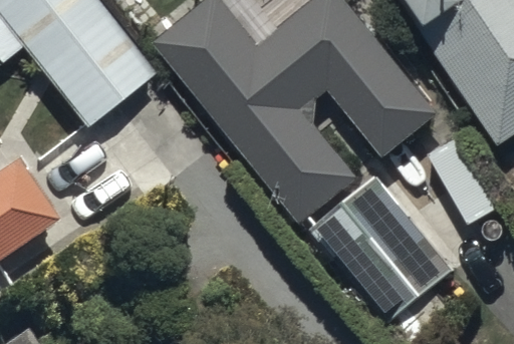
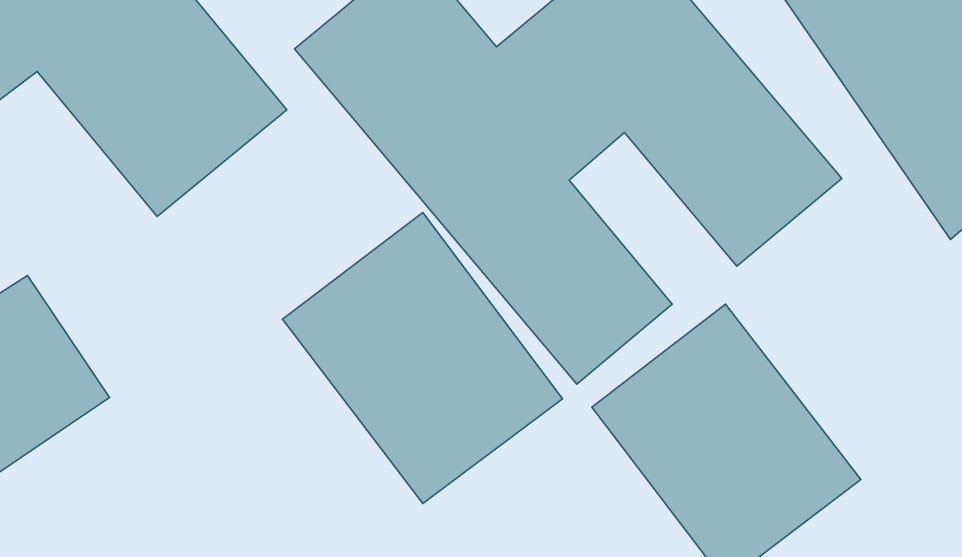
building: none -> [283,213,562,503]

